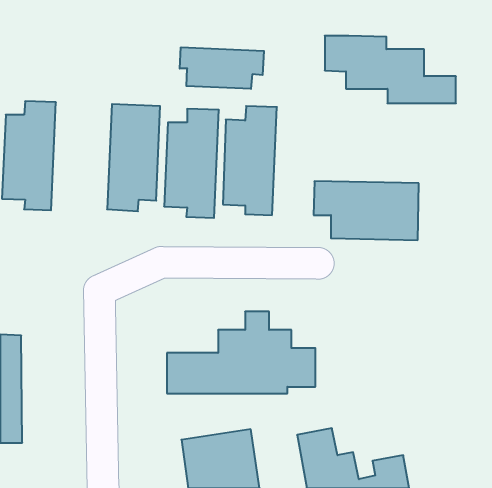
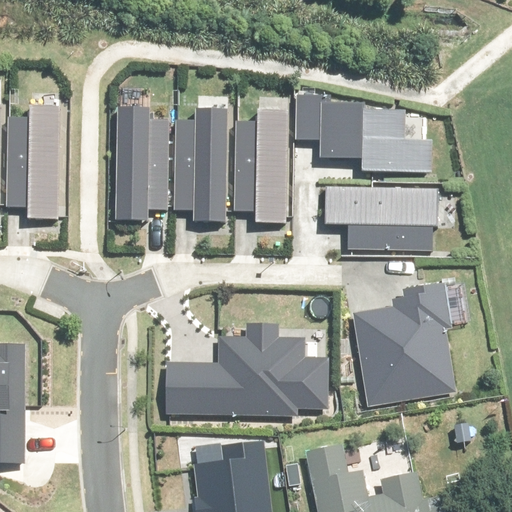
building: [325,36,456,103] -> [294,100,430,170]
building: [180,47,264,89] -> none
building: none -> [356,283,457,404]

